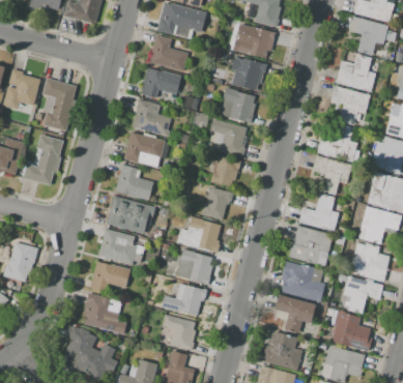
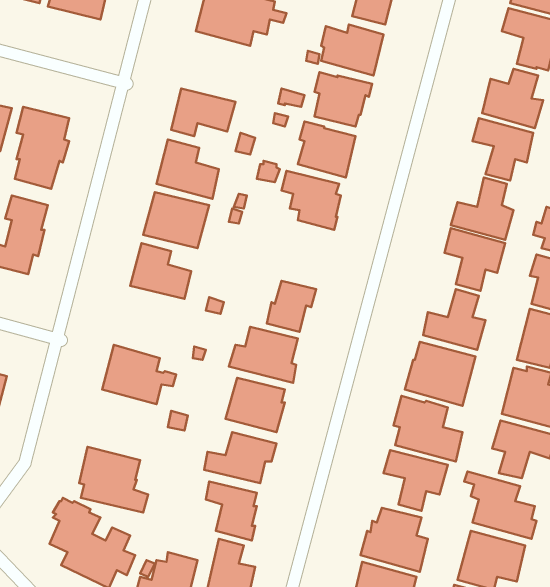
building: [149,35,188,71] -> none
building: [209,156,241,187] -> none
building: [107,197,154,233] -> none
building: [90,261,129,292] -> none

